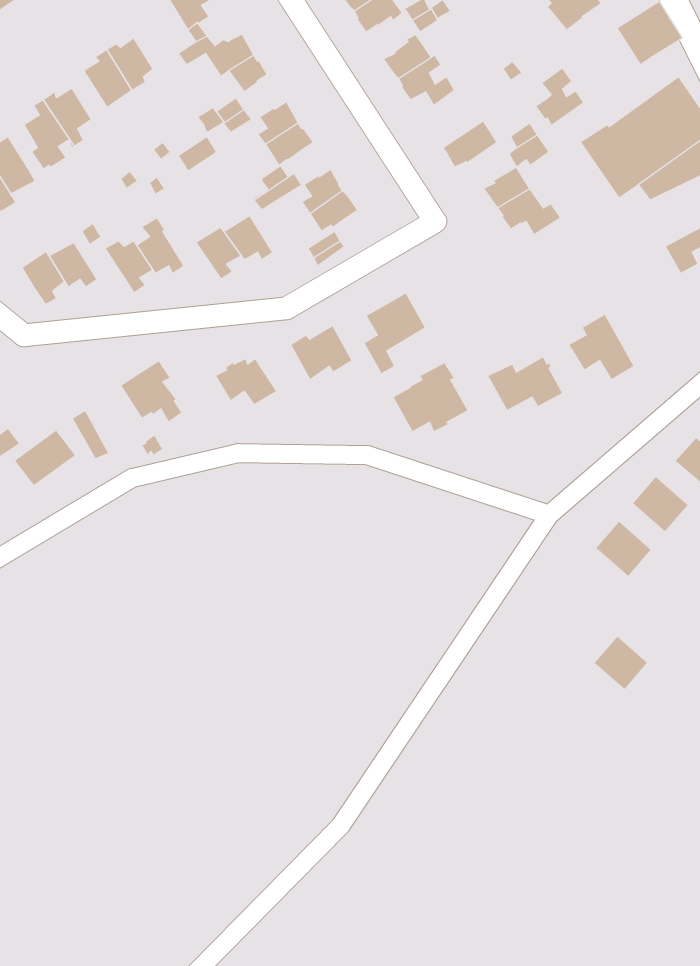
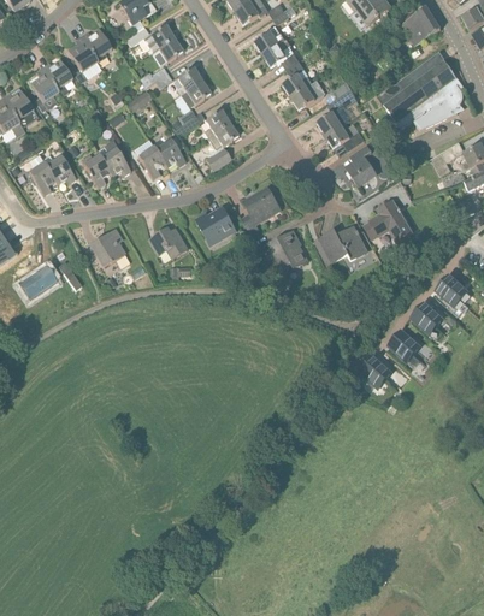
building: [536,68,584,126] -> [282,60,312,96]
building: none -> [346,143,376,184]
building: [594,636,648,690] -> [359,355,392,389]

